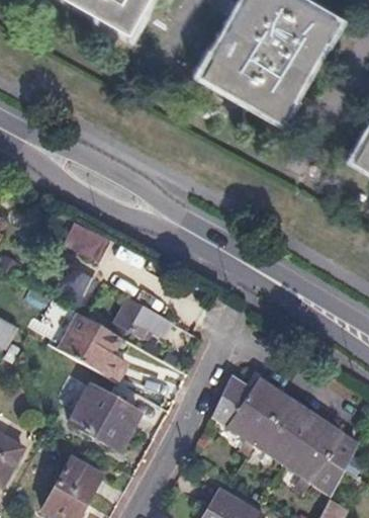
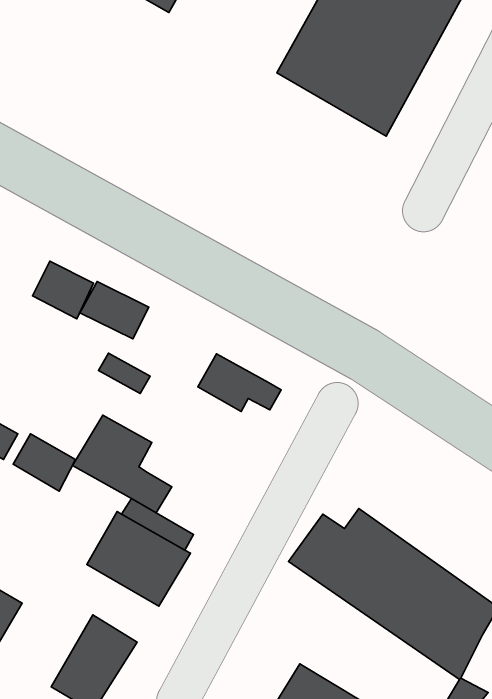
building: none -> [32,261,93,319]
building: [111,294,170,335] -> [198,354,281,411]
building: none -> [13,434,76,491]

